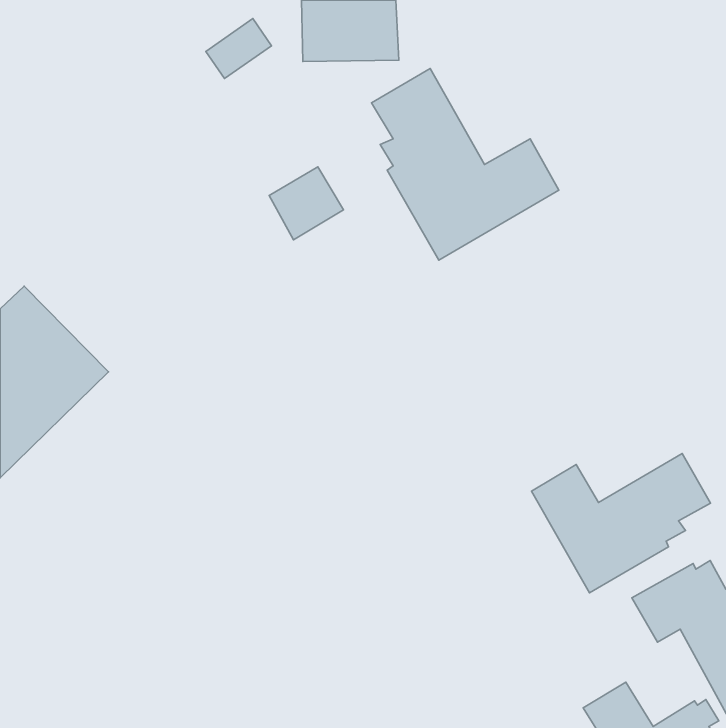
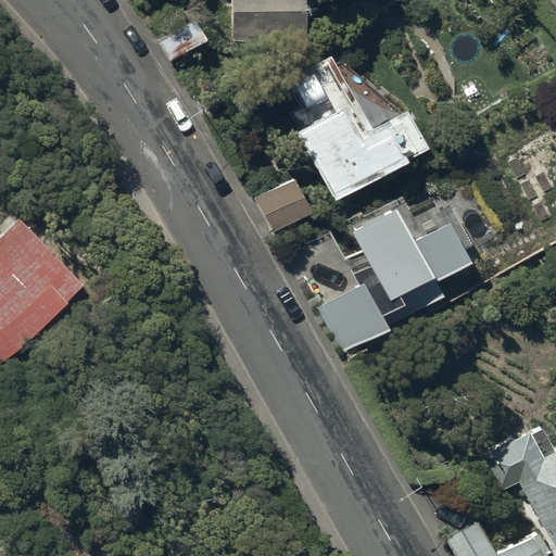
building: [269,167,344,240] -> [256,177,313,232]
building: none -> [319,204,471,354]
building: [532,453,710,593] -> none

